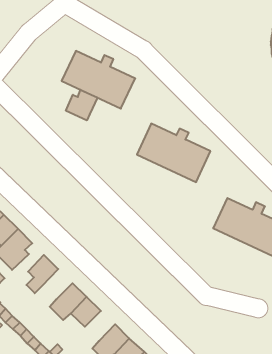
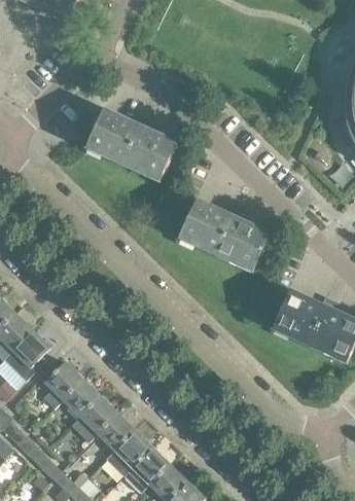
building: [66,90,97,120] -> none
building: none -> [62,379,99,416]
building: none -> [106,430,151,476]

